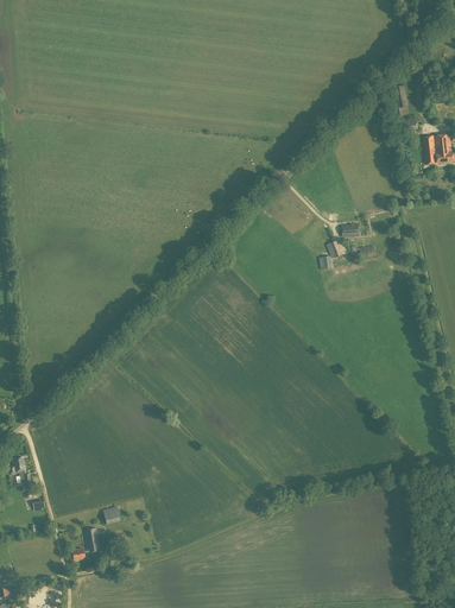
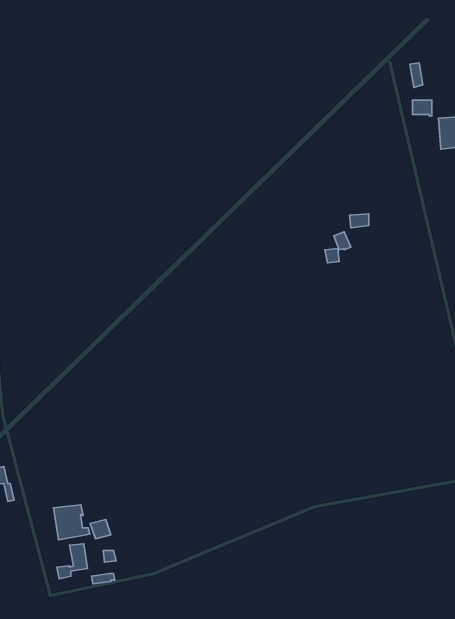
building: none -> [53,505,90,540]

